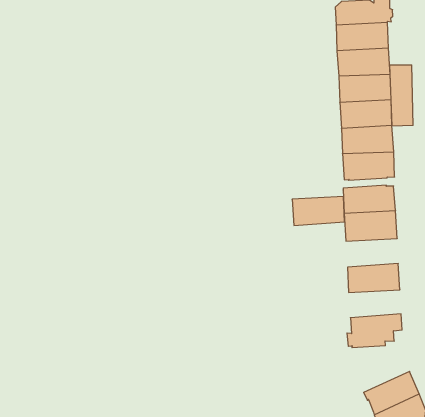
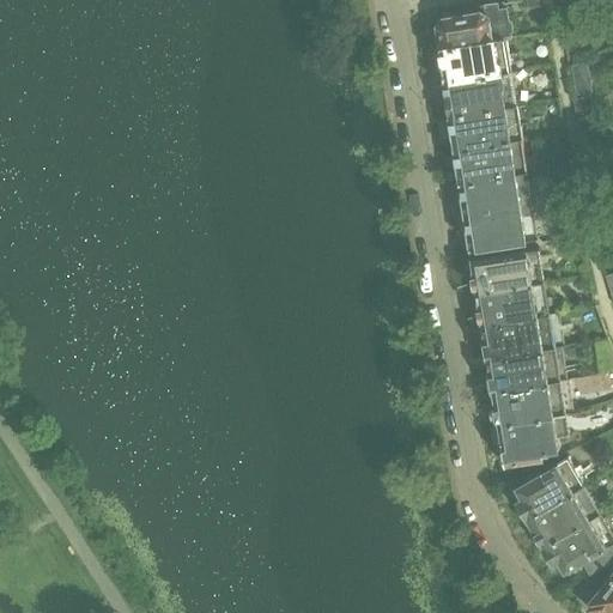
building: [390,65,413,126] -> none
building: [292,197,344,225] -> [480,318,551,363]
building: none -> [491,384,562,427]
building: none -> [514,461,581,522]

